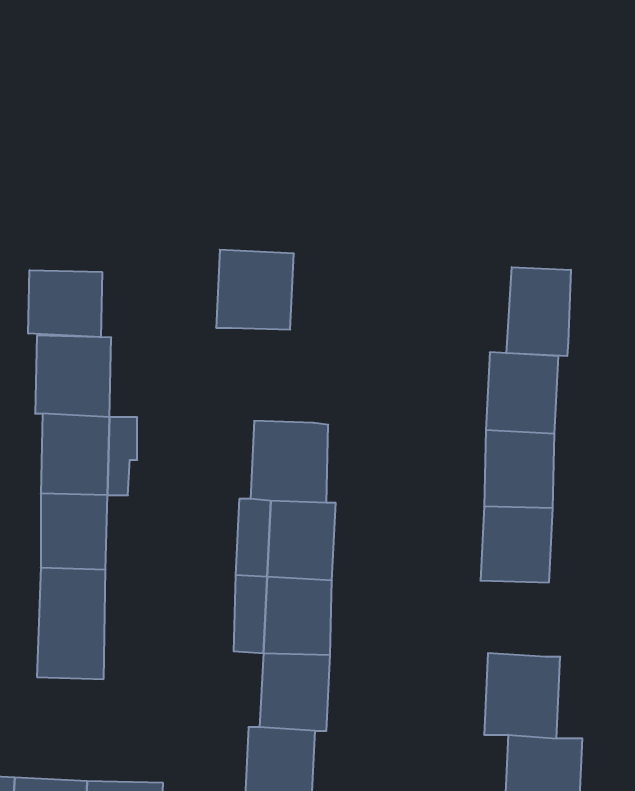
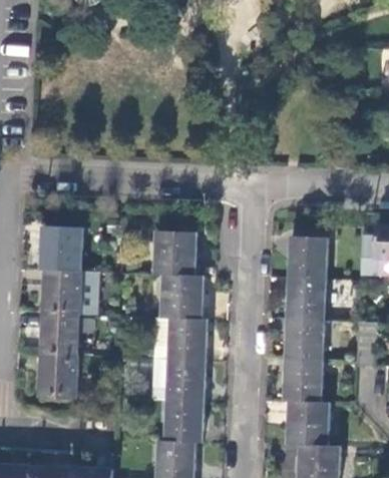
building: [216,250,294,330] -> [152,231,194,275]
building: [506,267,571,356] -> none
building: [28,270,102,337] -> none
building: none -> [281,360,320,401]

